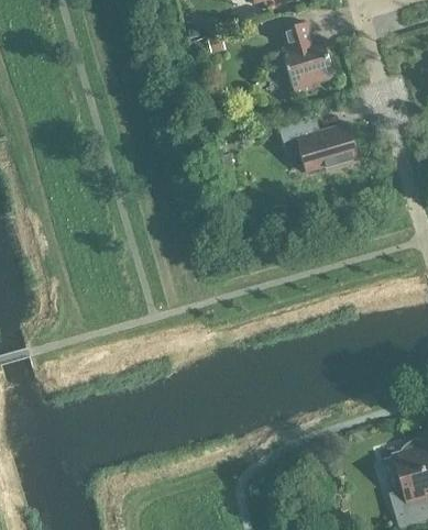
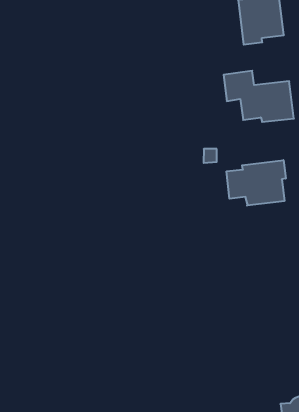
building: none -> [227,160,286,206]

